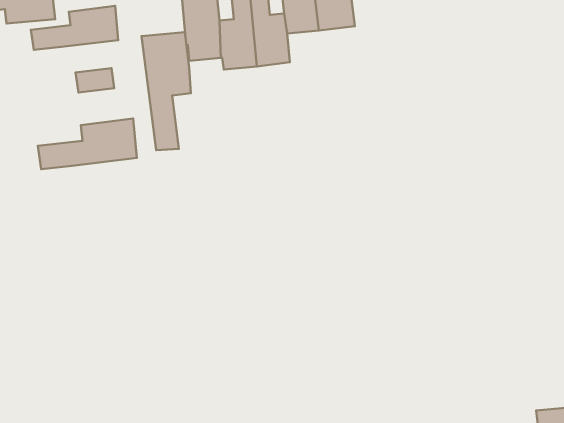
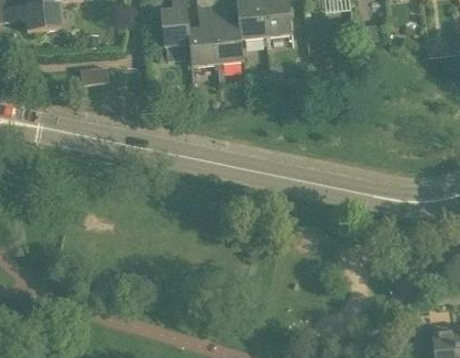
building: [31,6,118,50] -> none
building: [142,32,191,150] -> none
building: [38,118,137,169] -> none

